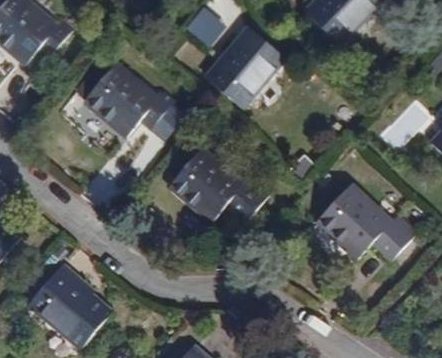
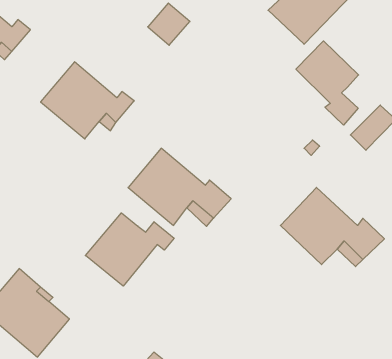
building: [206,25,285,107] -> none
building: none -> [296,41,359,125]
building: none -> [85,213,174,286]

